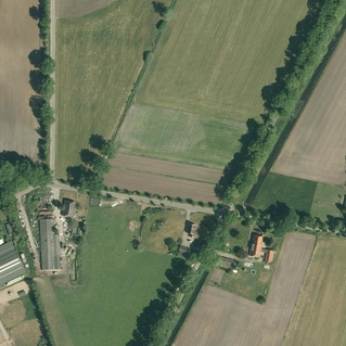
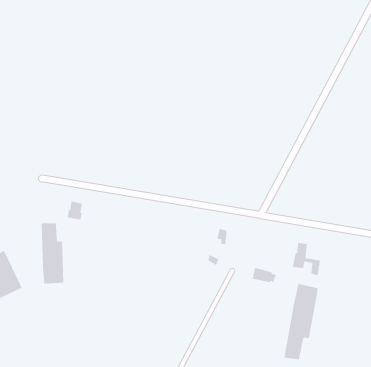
building: none -> [284,283,318,360]

